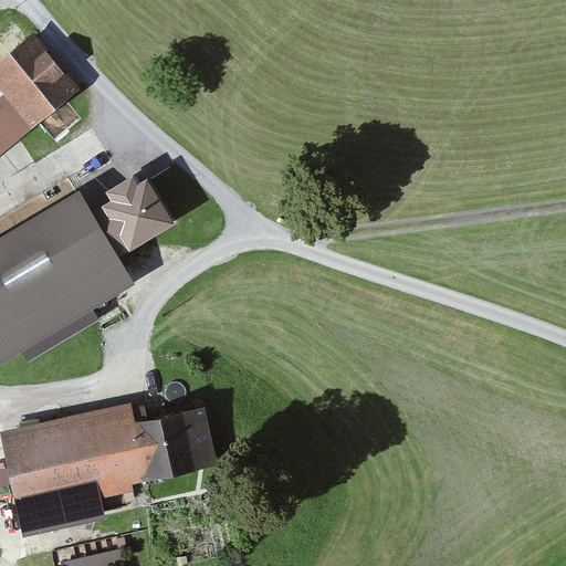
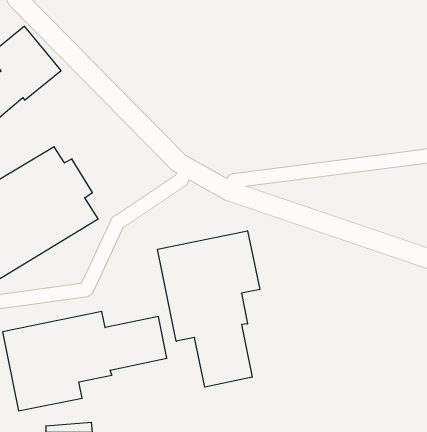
building: [94,176,168,253] -> none
building: none -> [157,231,260,387]

